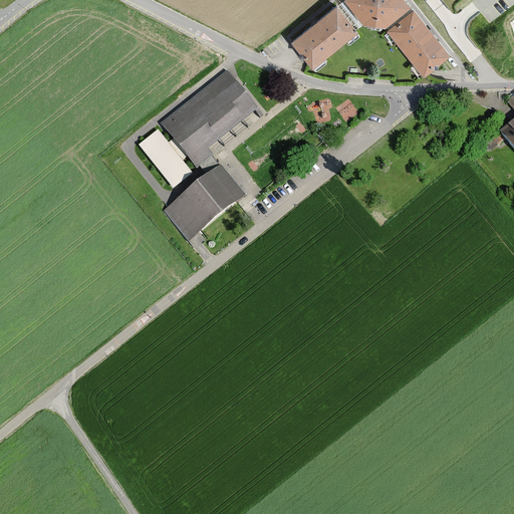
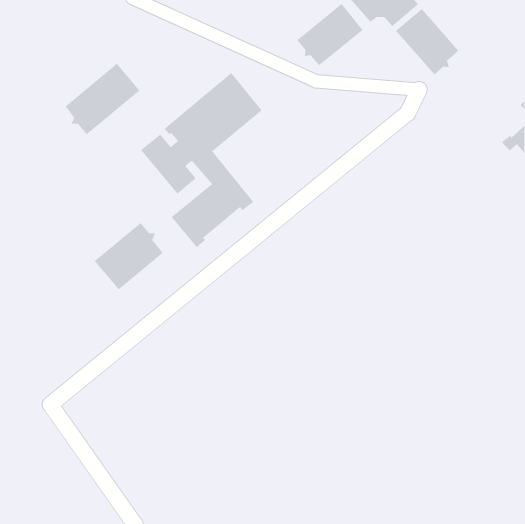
building: none -> [65,63,140,135]
building: none -> [94,222,163,290]

